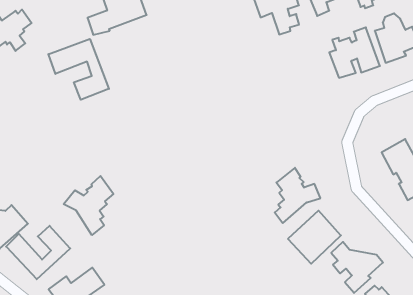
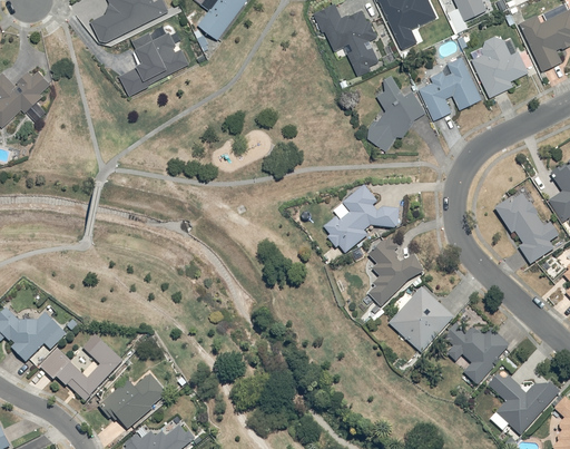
building: none -> [368,76,425,150]
building: [48,39,109,100] -> none
building: none -> [323,184,399,252]
building: [64,176,113,235] -> none

